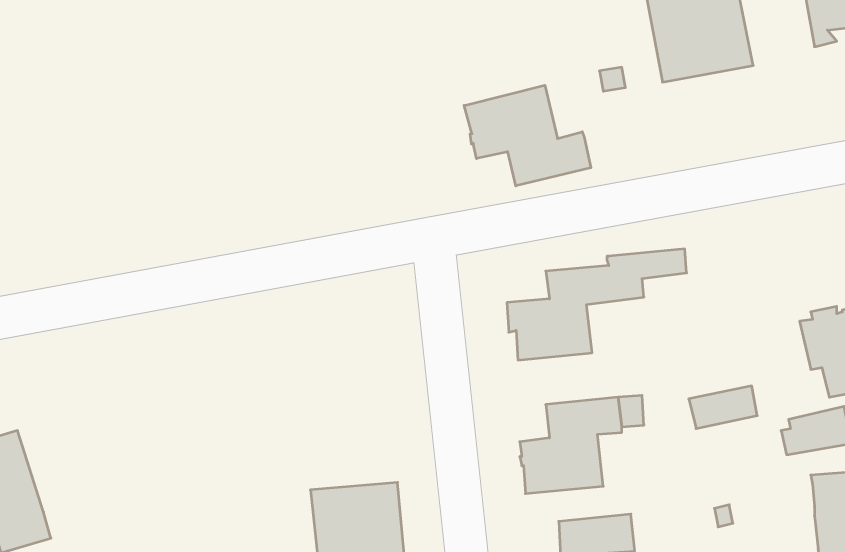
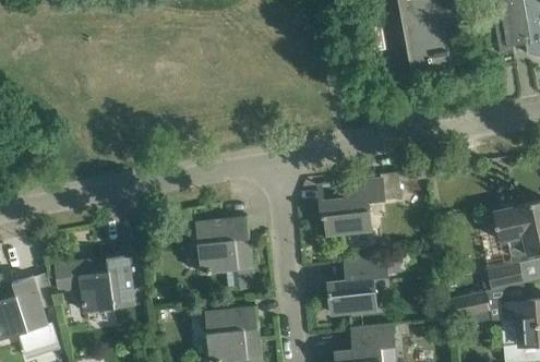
building: [464,85,591,186] -> none
building: none -> [196,216,254,289]
building: [689,386,757,429] -> [449,292,490,317]
building: none -> [55,254,135,311]

